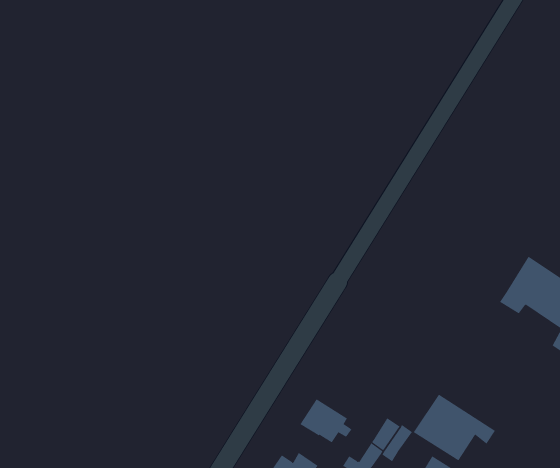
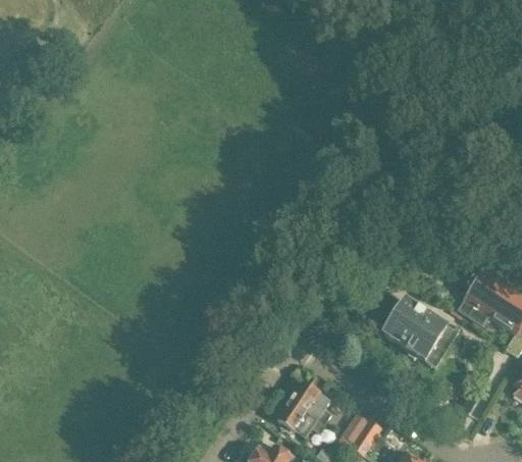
building: none -> [293,380,332,424]
building: [413,394,496,461] -> [383,300,459,361]

